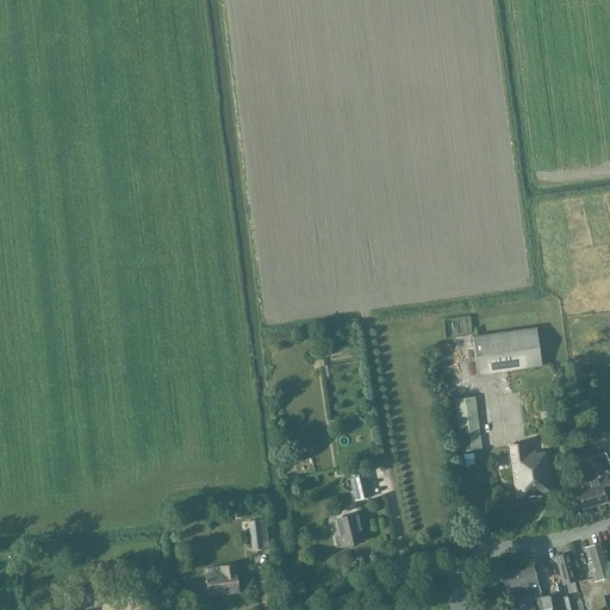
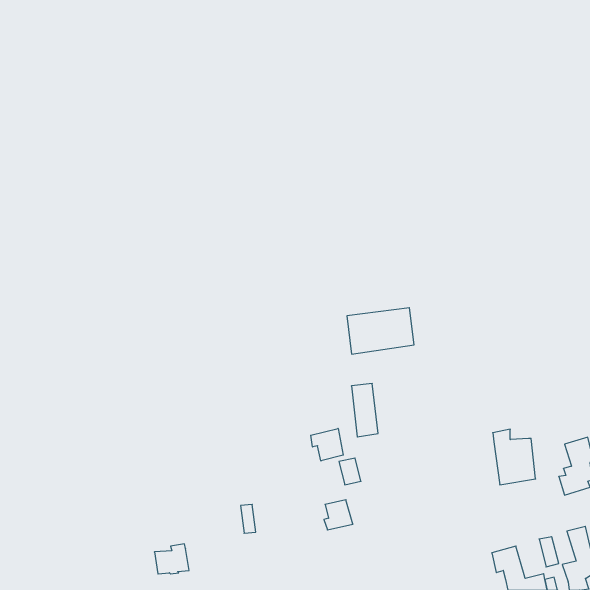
building: [473,328,542,375] -> [347,308,414,354]
building: [455,397,483,452] -> [351,384,378,437]
building: none -> [311,428,343,461]
building: [205,565,241,596] -> [154,544,189,574]

